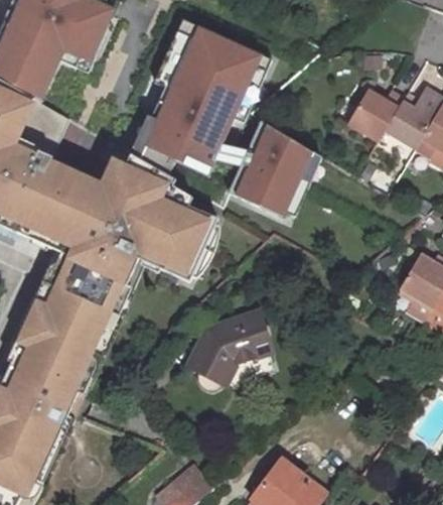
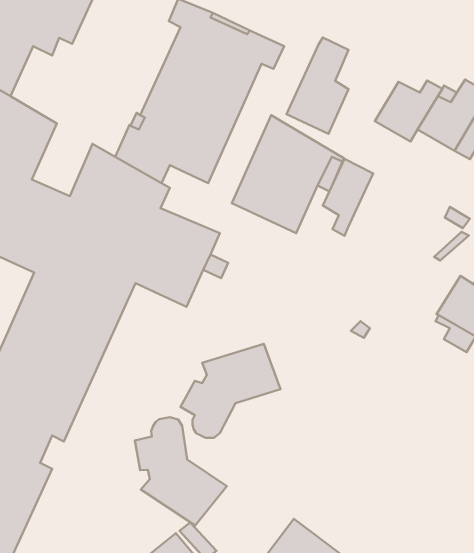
building: none -> [286,38,349,134]
building: none -> [323,159,373,236]
building: none -> [135,417,227,526]

